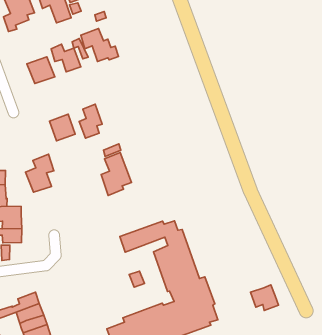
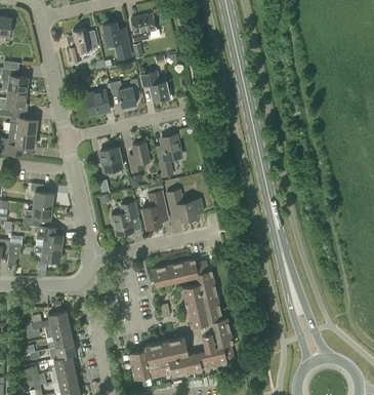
building: none -> [156,134,180,177]
building: none -> [166,189,205,221]
building: [26,154,54,192] -> [112,201,138,235]
building: [250,285,278,311] -> none

